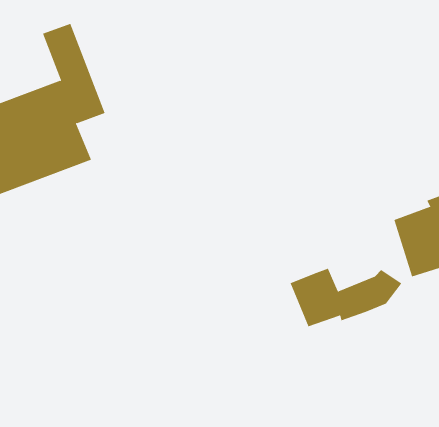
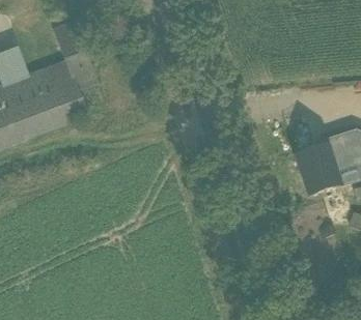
building: [290,268,402,327] -> none

